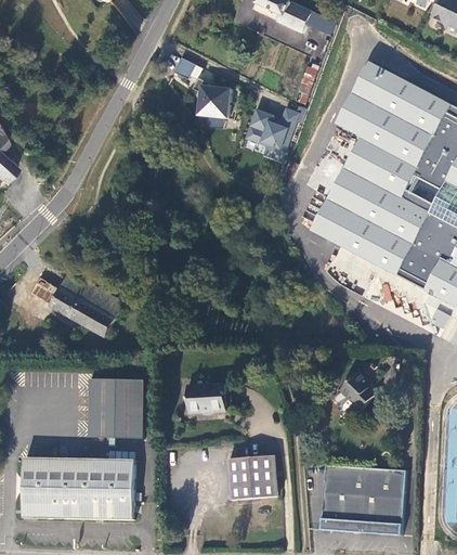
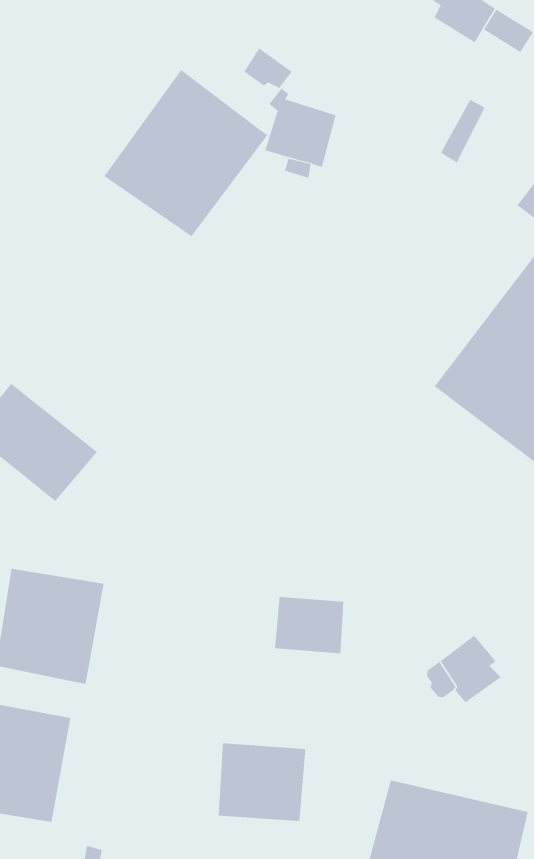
building: none -> [103,69,268,237]
building: [243,103,304,162] -> none
building: [184,379,225,413] -> [274,596,344,654]

